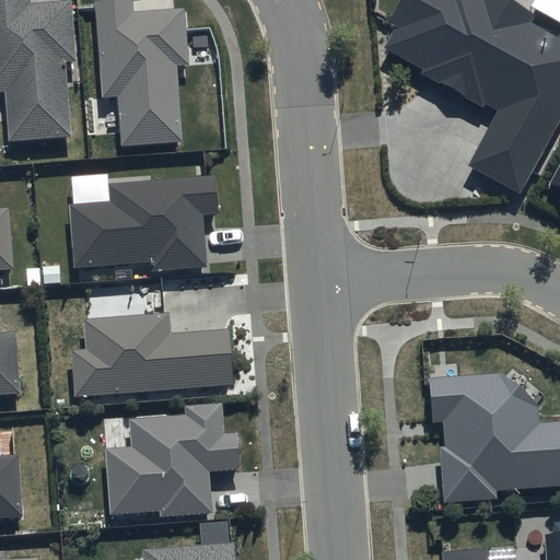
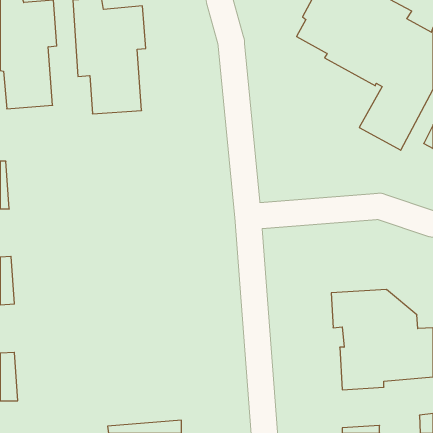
building: [68,174,218,271] -> none
building: [70,313,232,397] -> none
building: [105,404,240,517] -> none

